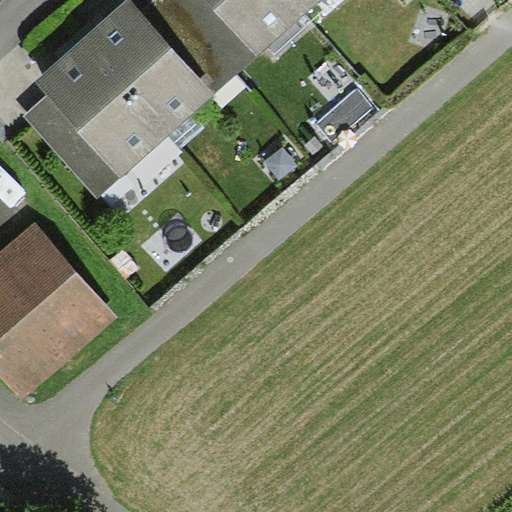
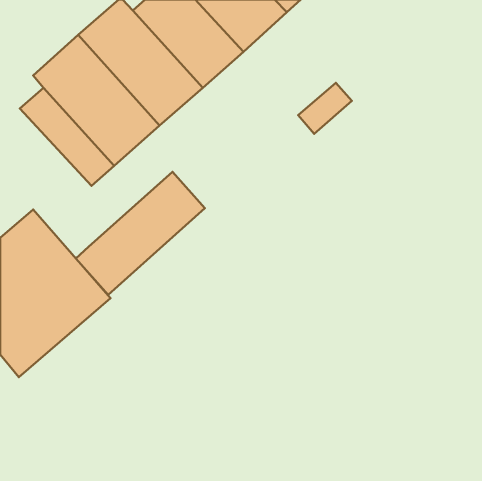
building: none -> [76,172,205,295]

